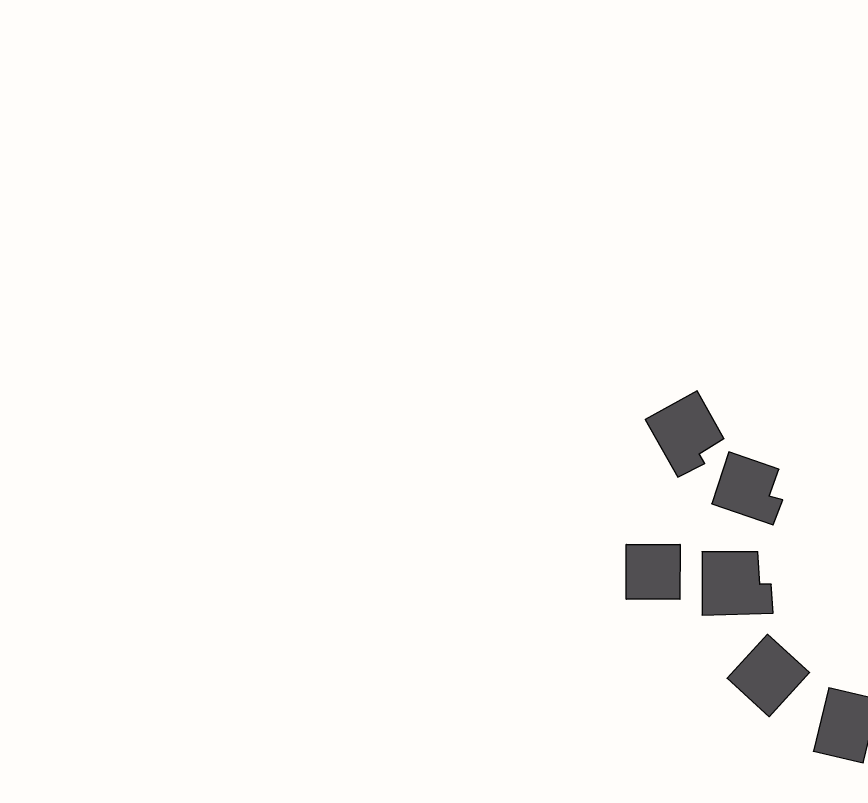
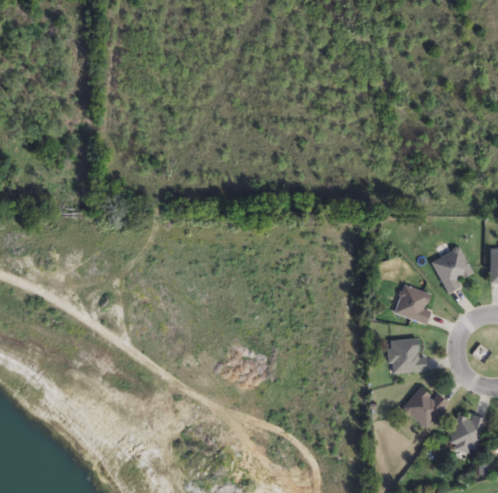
building: [645,391,724,477] -> [431,246,473,293]
building: [626,544,680,599] -> none

